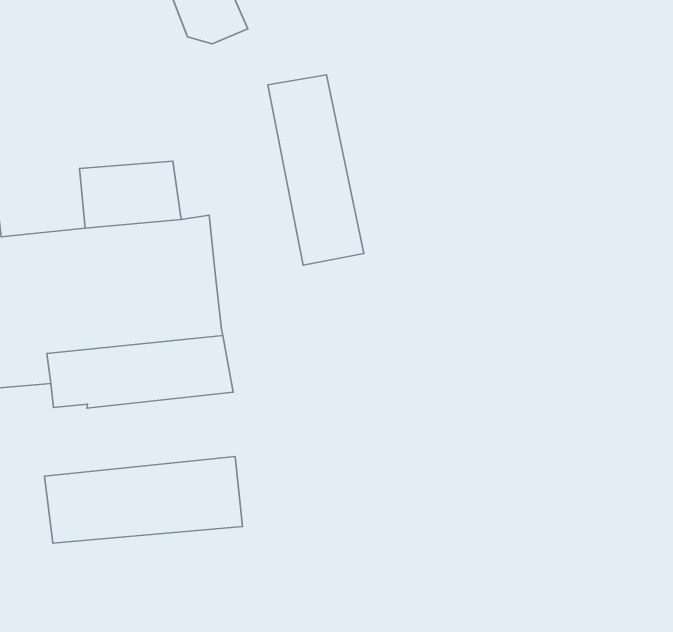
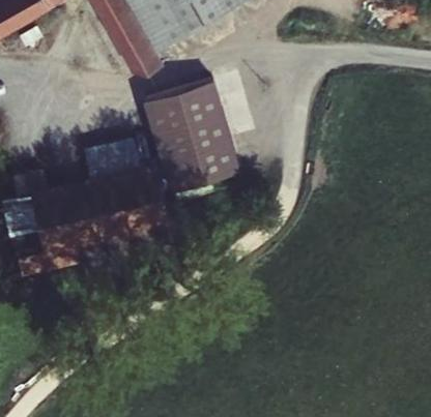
building: none -> [148,86,208,189]
building: [45,457,243,543] -> none

